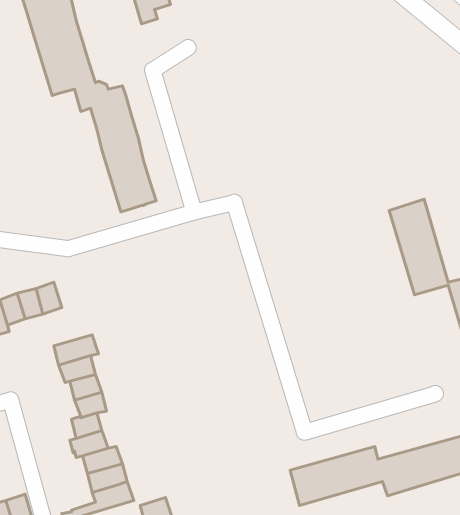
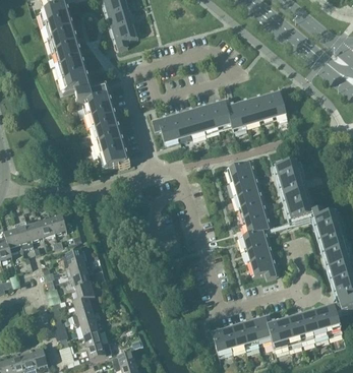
building: none -> [153,89,287,143]
building: none -> [230,160,277,277]

